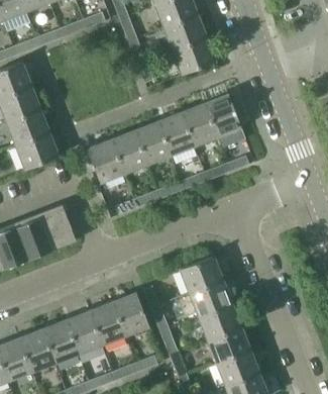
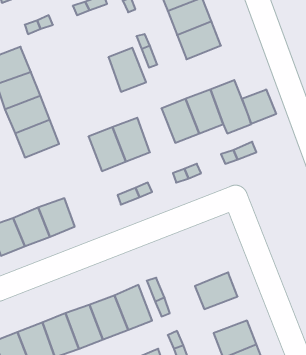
building: none -> [242,89,276,124]
building: [134,122,171,165] -> [108,48,146,92]
building: [180,257,222,294] -> none
building: [199,304,240,339] -> none

